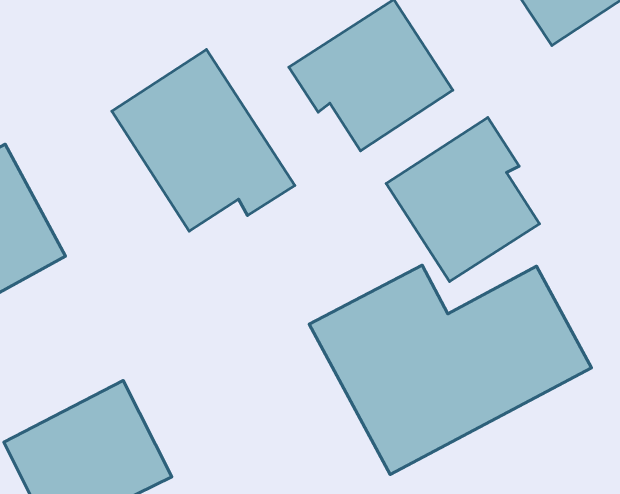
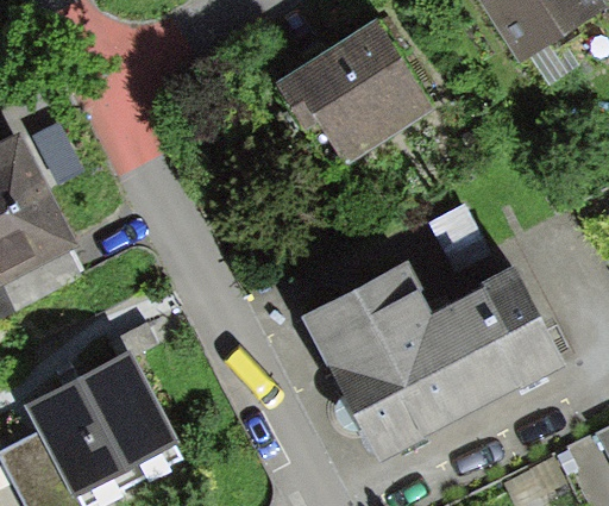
building: [112,50,295,231] -> none
building: [386,117,540,282] -> none

